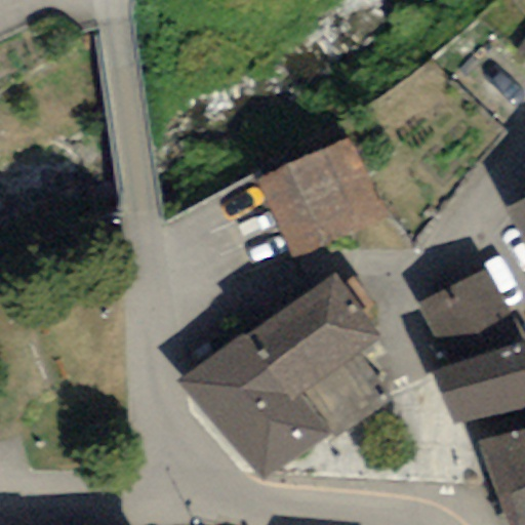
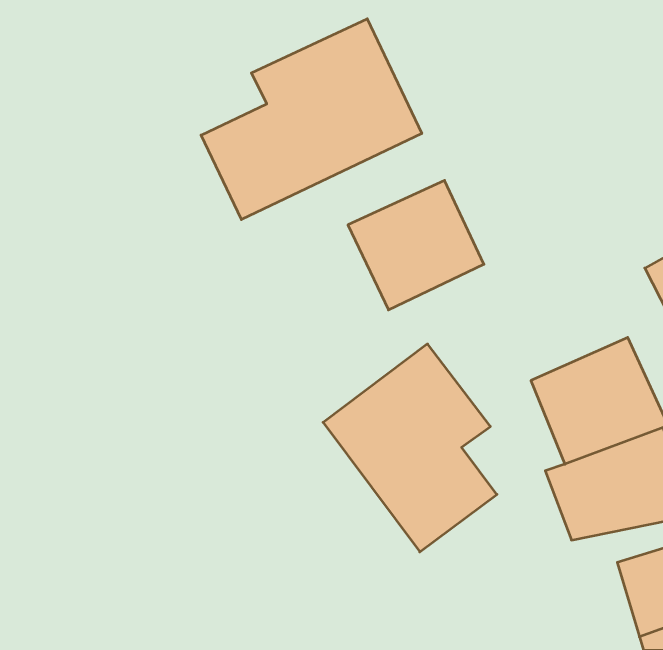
building: none -> [201,19,422,220]
building: [184,325,333,482] -> none

